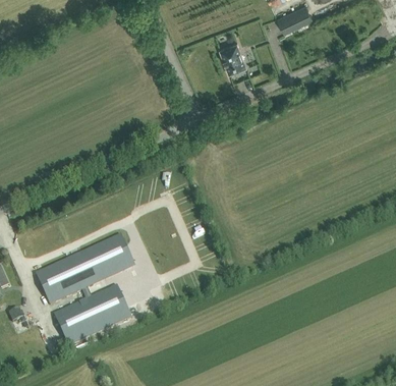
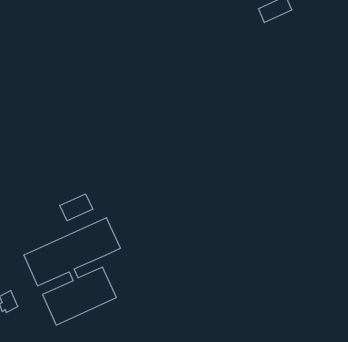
building: [219,42,245,72] -> none
building: none -> [60,194,93,221]

